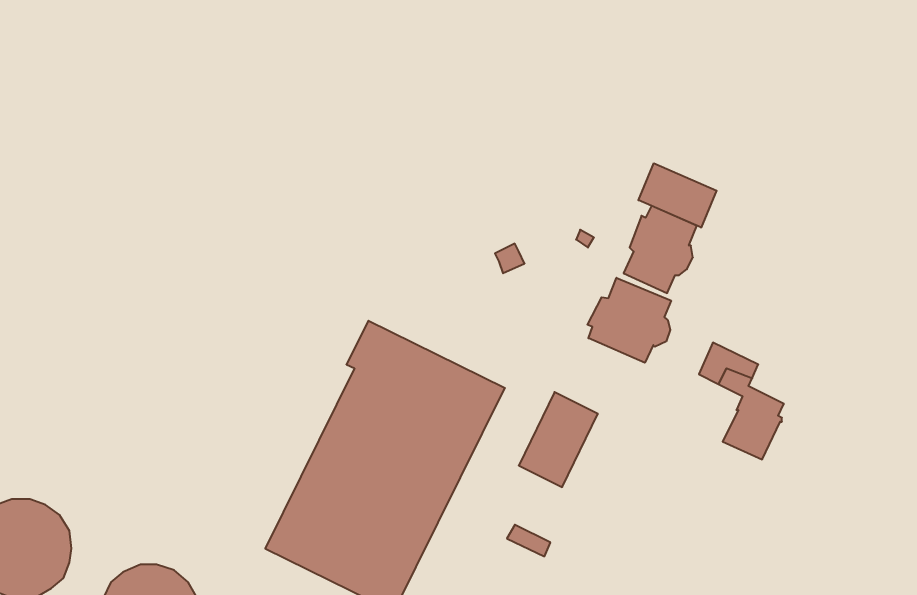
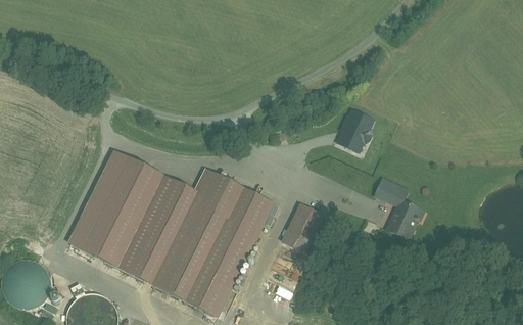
building: [638,163,717,228] -> none
building: [587,278,671,363] -> none
building: none -> [67,149,197,284]

